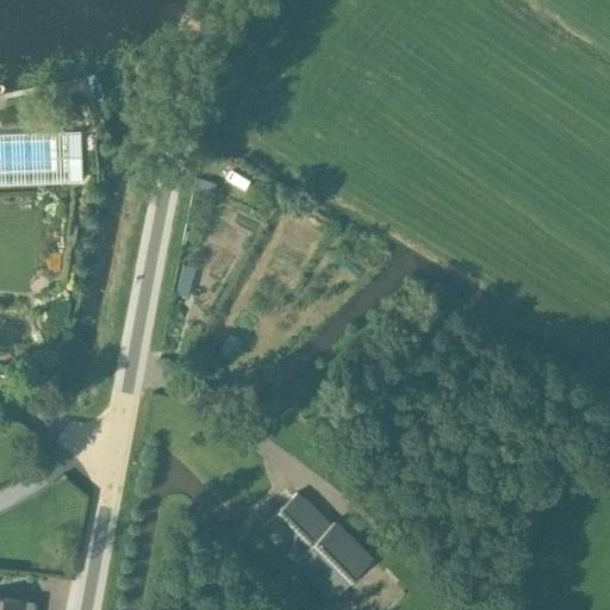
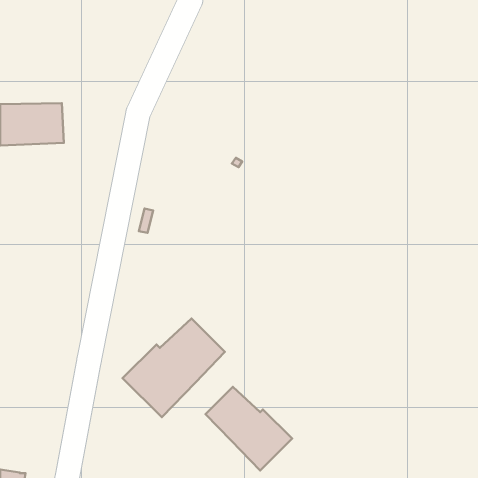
building: none -> [123,319,225,417]

